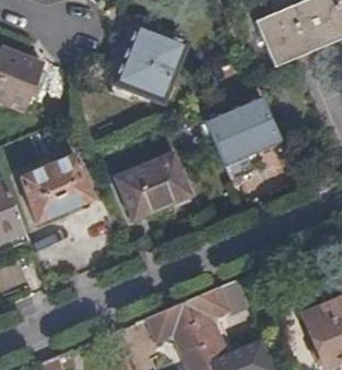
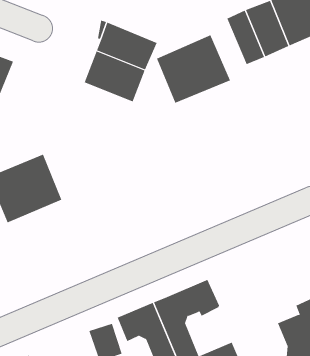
building: [207,96,281,165] -> [156,34,231,104]
building: [116,155,189,218] -> none

